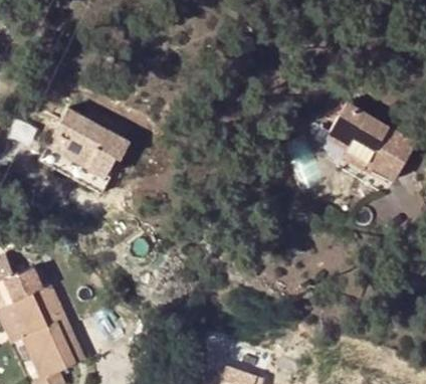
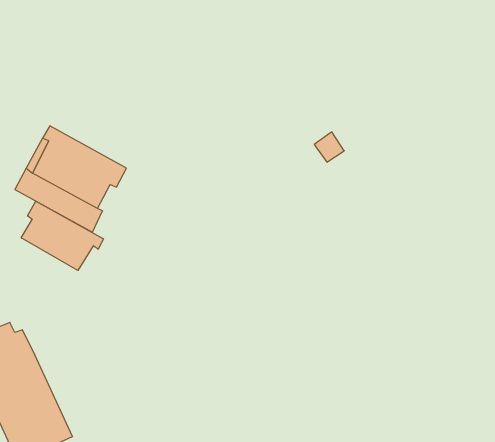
building: [322,100,417,178] -> none
building: none -> [21,201,103,270]

